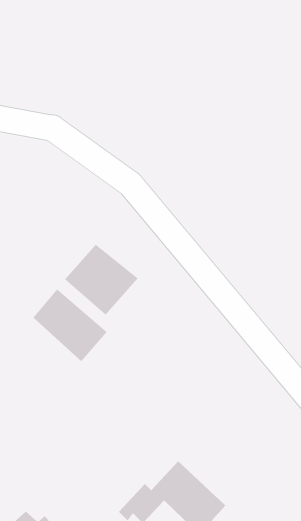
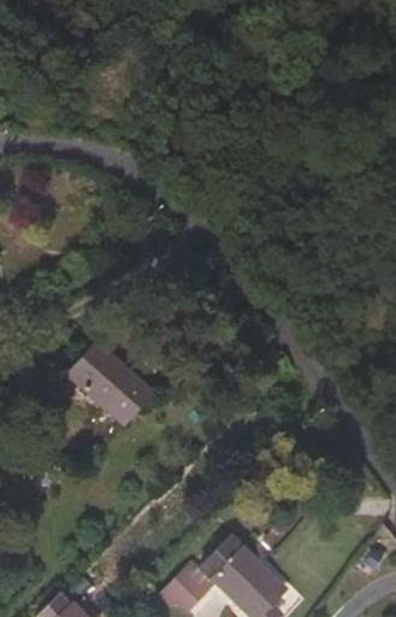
building: [64,244,138,315] -> none

